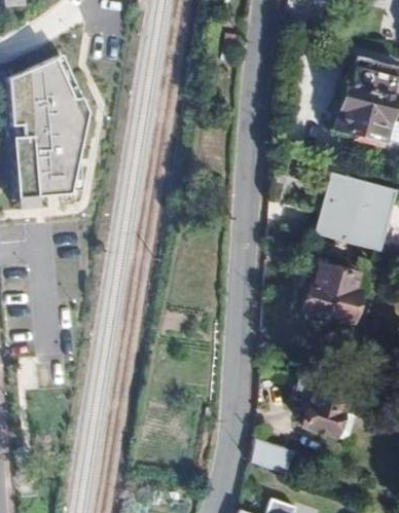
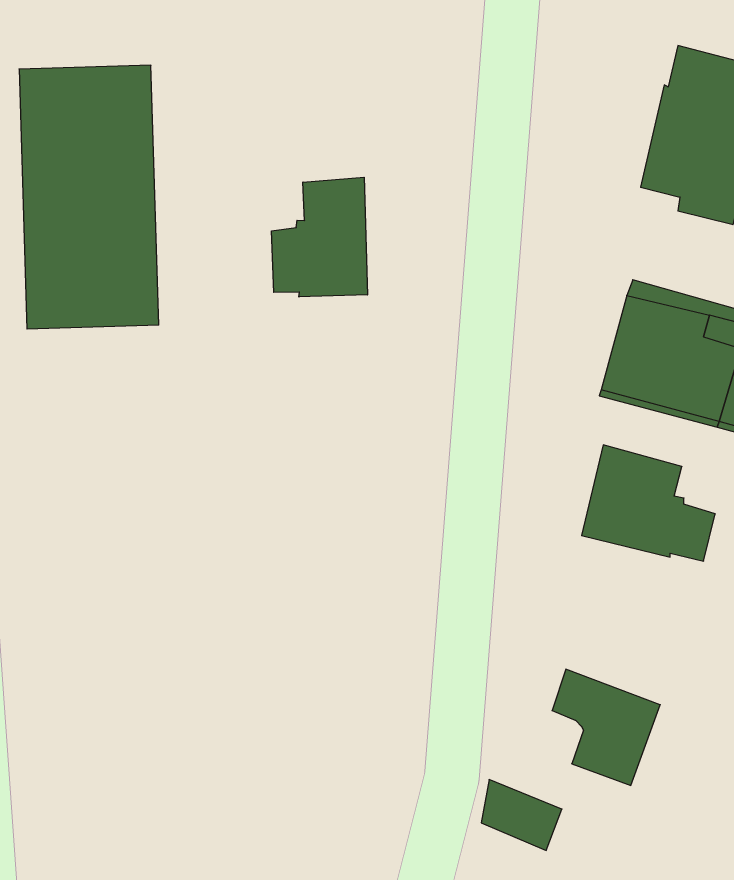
building: none -> [272,177,367,297]

